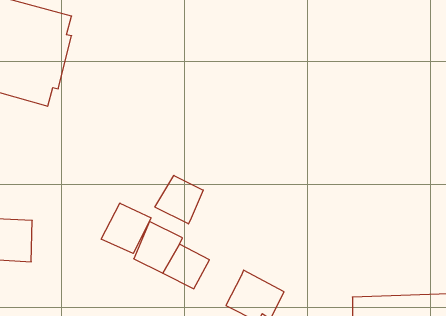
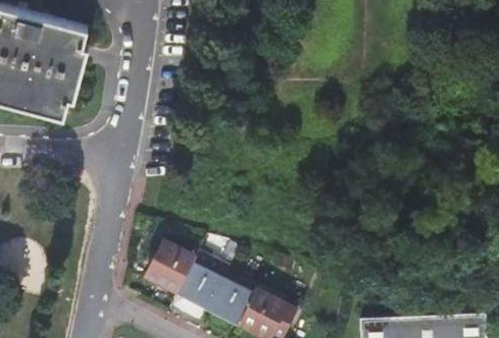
building: [155,175,203,224] -> none
building: [101,203,151,253] -> none
building: none -> [205,277,252,322]

